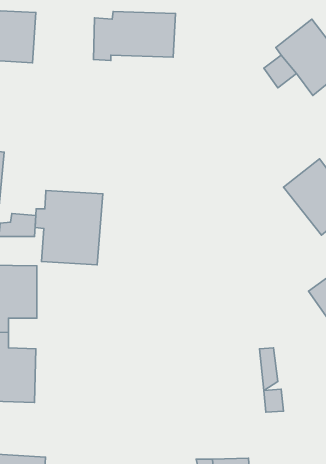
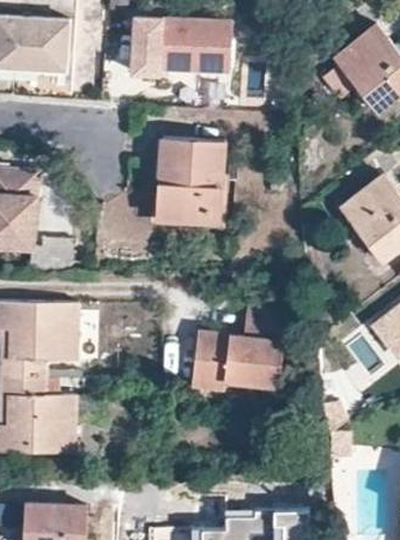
building: [35,190,103,265] -> [151,141,225,223]
building: none -> [189,293,289,384]

